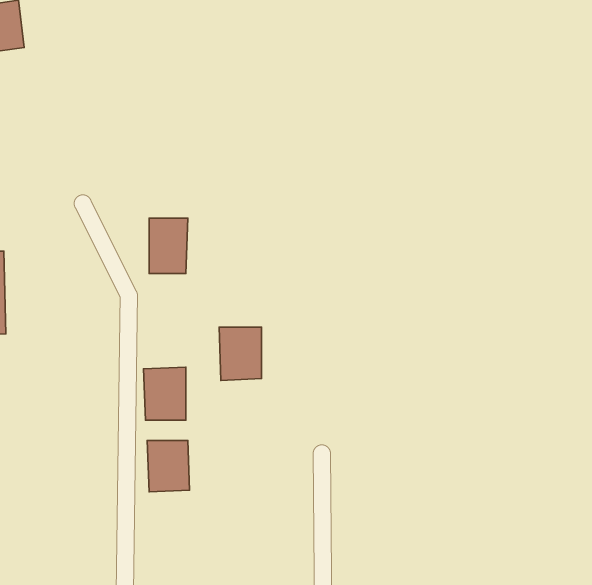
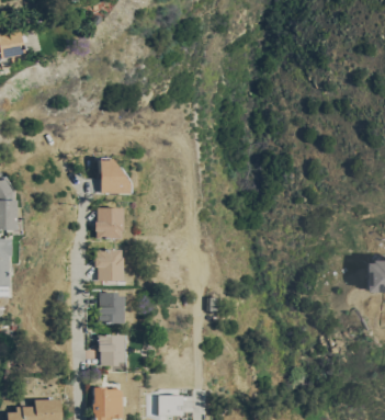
building: [219,327,261,380] -> [97,207,122,239]
building: none -> [100,334,124,364]

